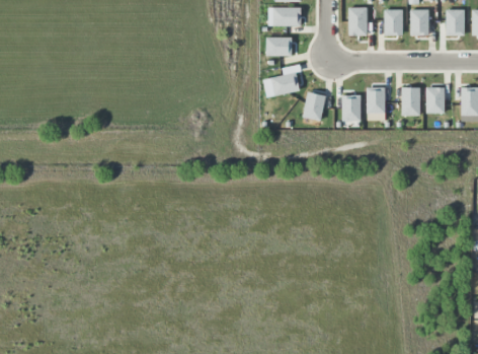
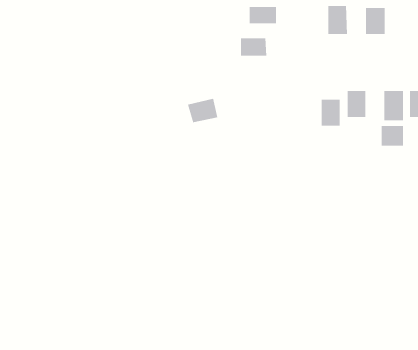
building: [410,9,428,36] -> none
building: [270,72,300,95] -> [187,98,218,123]
building: [303,91,326,121] -> none
building: none -> [381,125,404,147]

